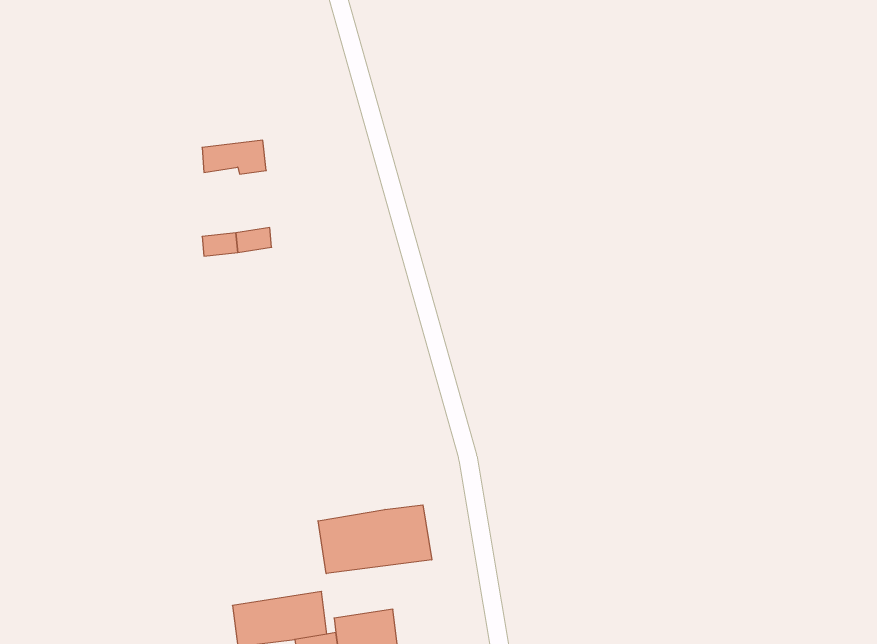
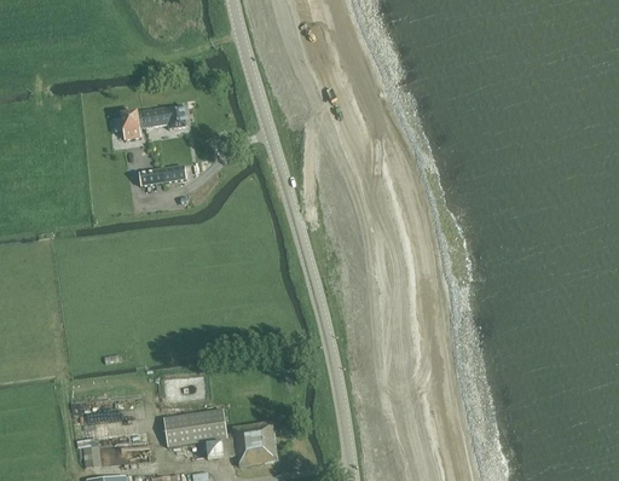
building: none -> [118,109,143,137]
building: [318,505,432,574] -> none

